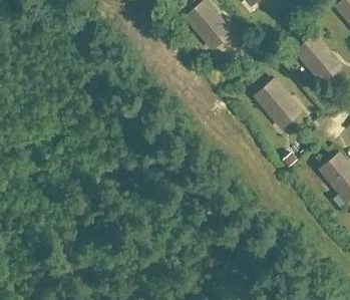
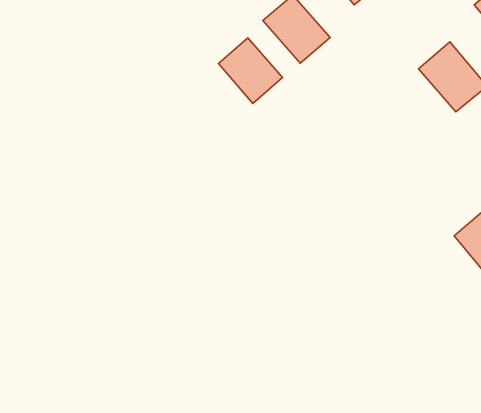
building: none -> [218,38,282,103]
building: [255,78,302,127] -> none

